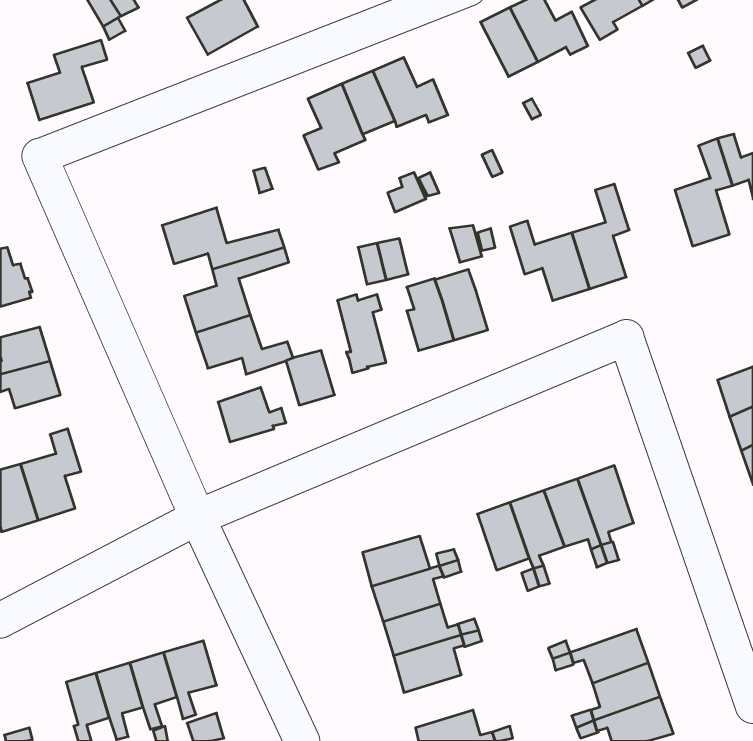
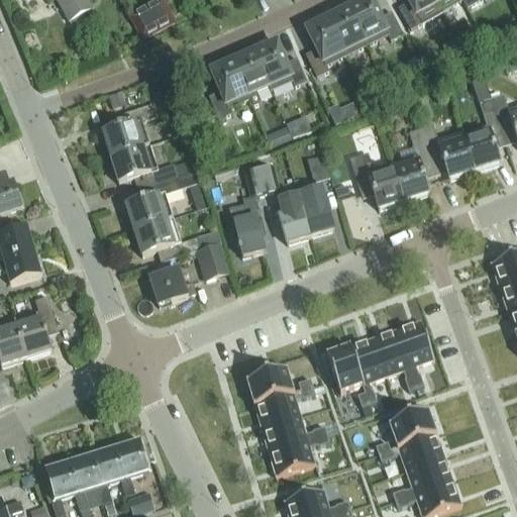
building: none -> [305,15,348,75]
building: [27,40,107,120] -> [103,100,158,154]
building: none -> [421,122,475,177]
building: none -> [390,409,436,445]

